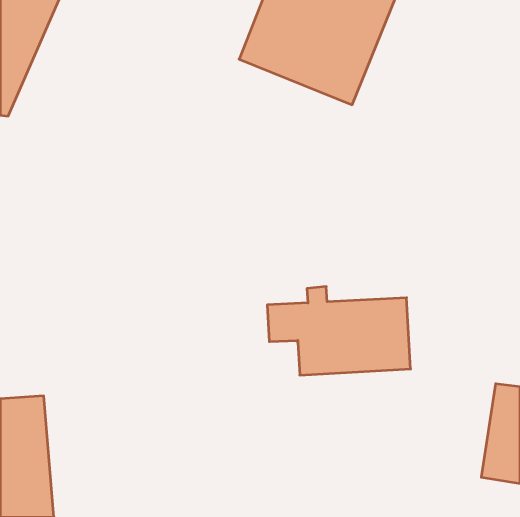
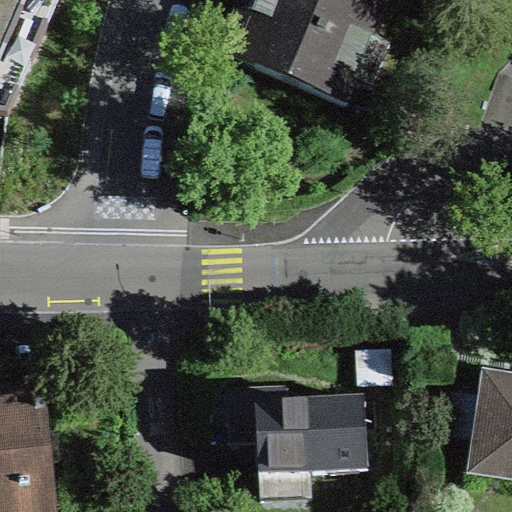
building: [267,287,411,375] -> [227,387,368,474]

